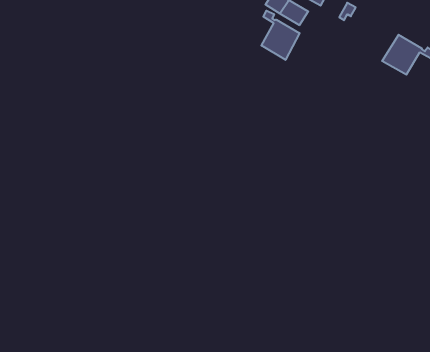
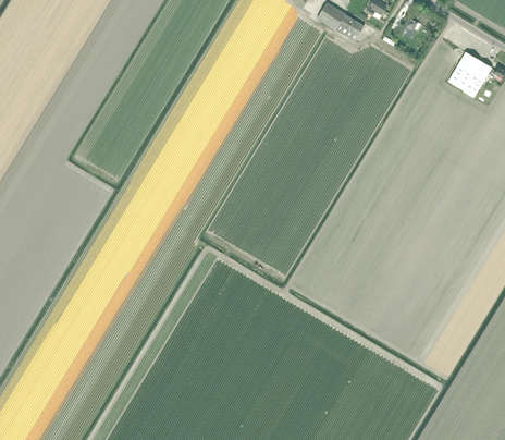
building: [261,11,300,60] -> none

